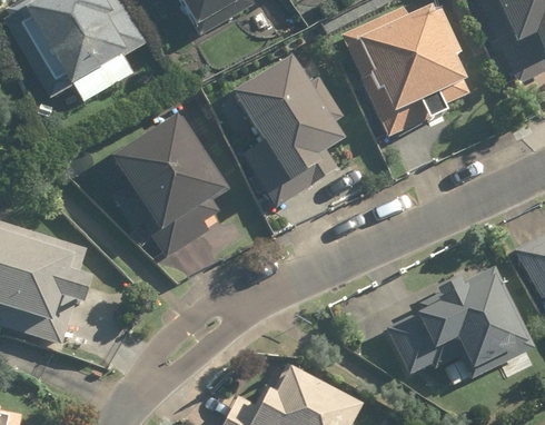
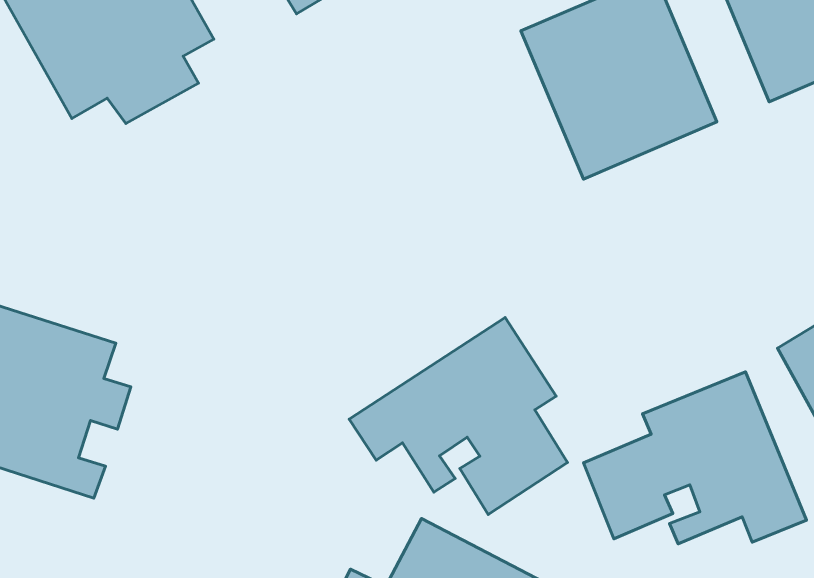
building: [235,59,345,209] -> none
building: [112,112,228,258] -> none
building: none -> [349,318,567,515]

